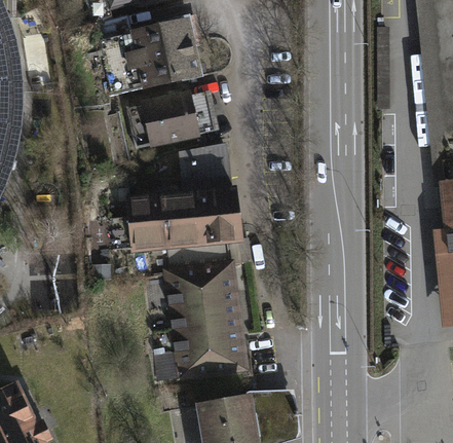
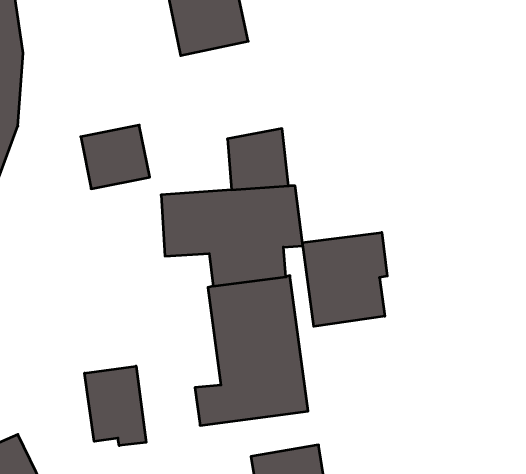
building: [143,94,197,144] -> [81,125,150,189]
building: none -> [303,232,387,326]
building: none -> [85,366,146,446]

